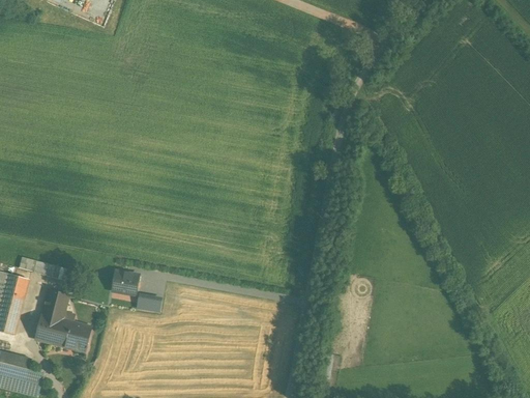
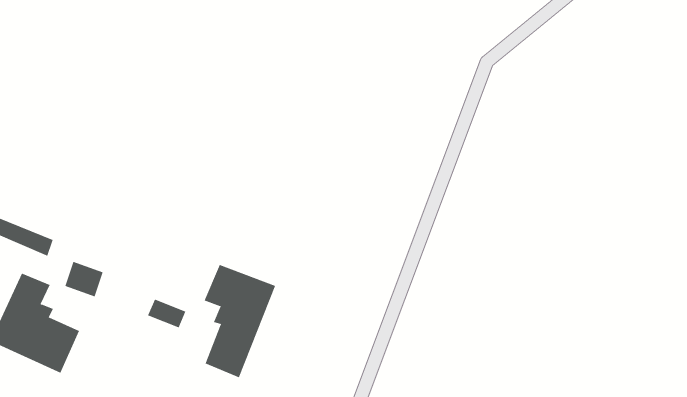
building: none -> [204,264,276,378]
building: [112,272,138,294] -> [64,261,104,297]

